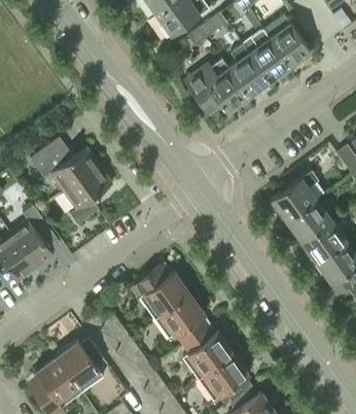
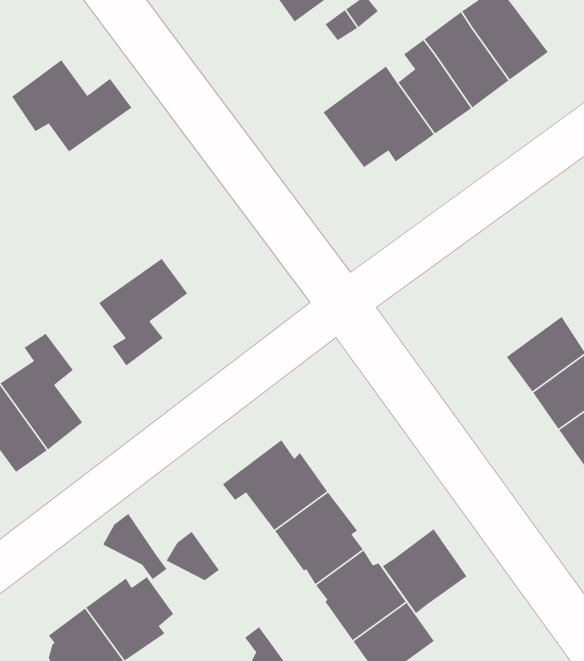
building: [31,139,98,191] -> [11,59,133,153]
building: [272,169,320,220] -> none
building: none -> [382,528,468,614]
building: [115,338,151,375] -> [102,513,168,580]

